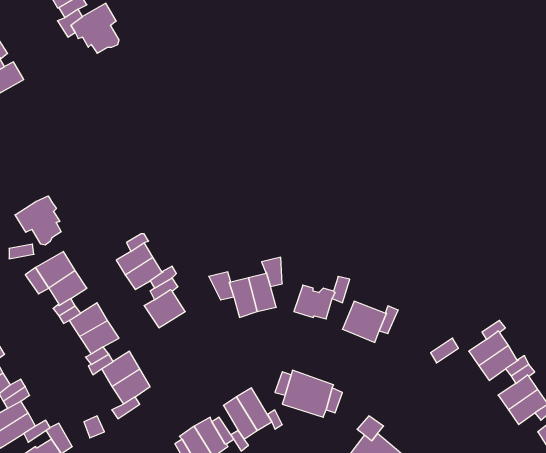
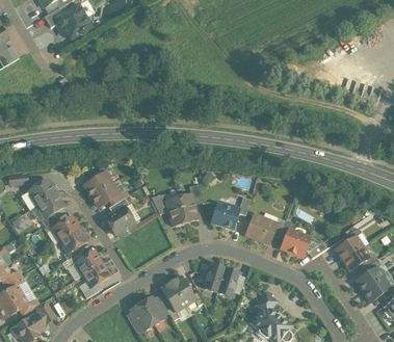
building: [15,196,61,245] -> none
building: none -> [281,229,310,256]

